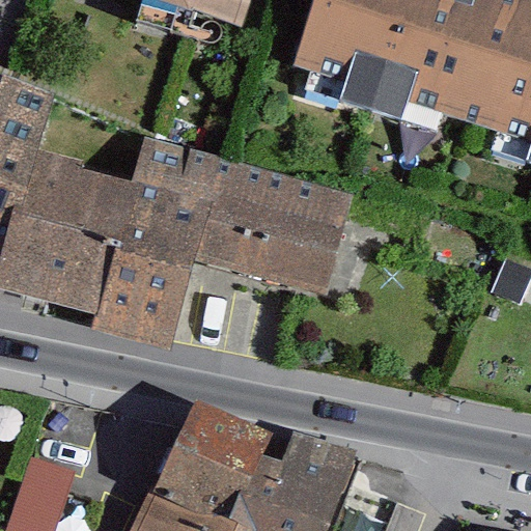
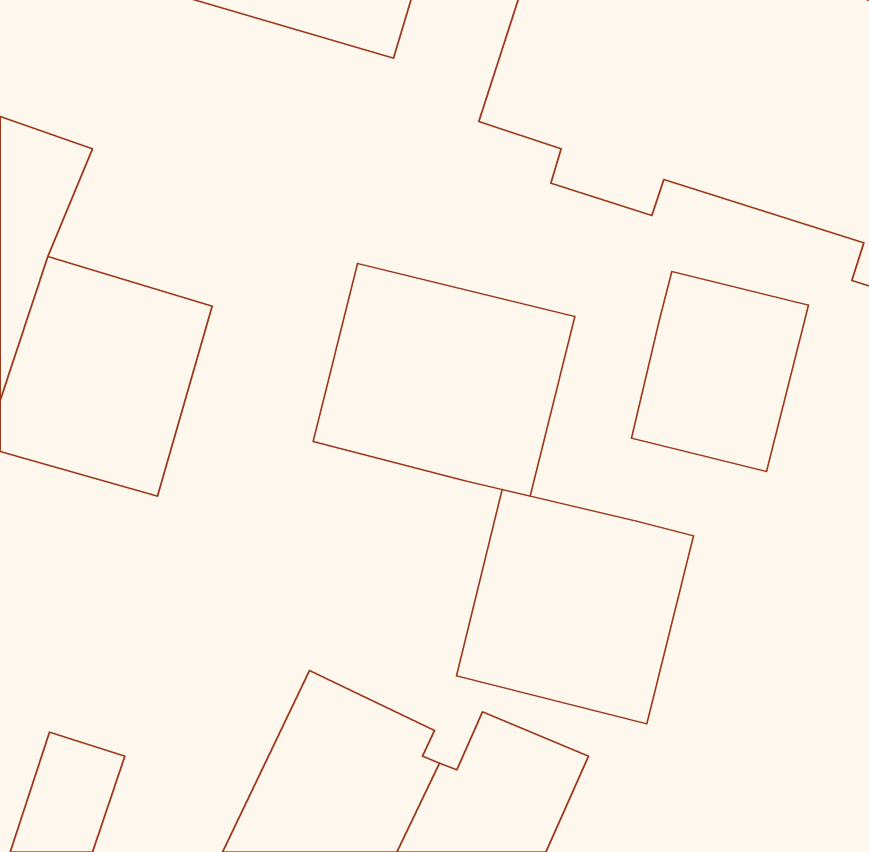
building: [96,138,220,335] -> none
building: none -> [631,271,808,471]
building: none -> [456,490,693,724]

